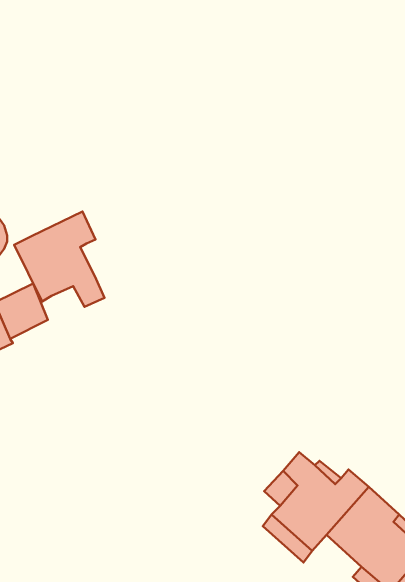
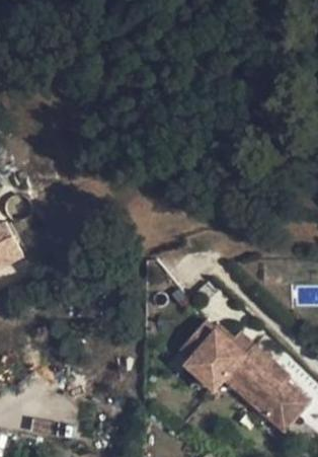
building: [14,211,104,307] -> none

